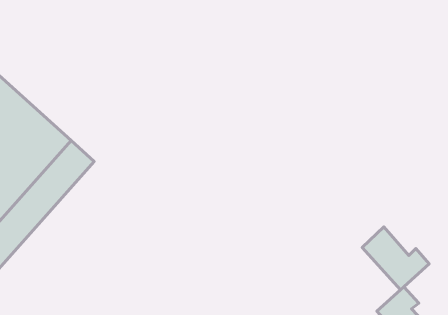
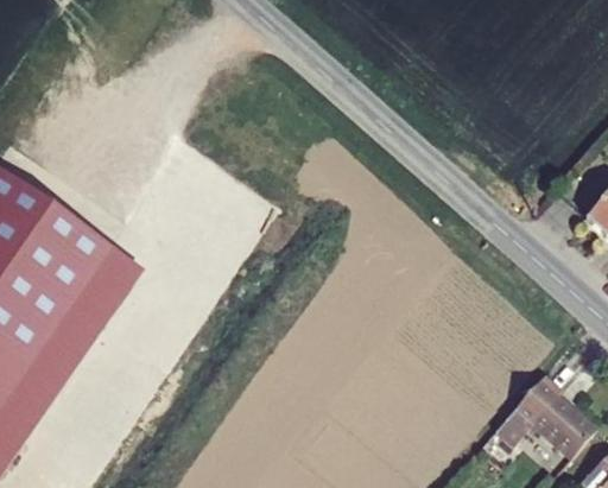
building: [362,227,429,290] -> none

